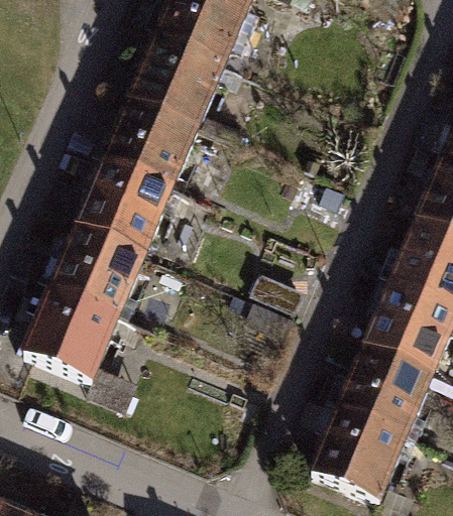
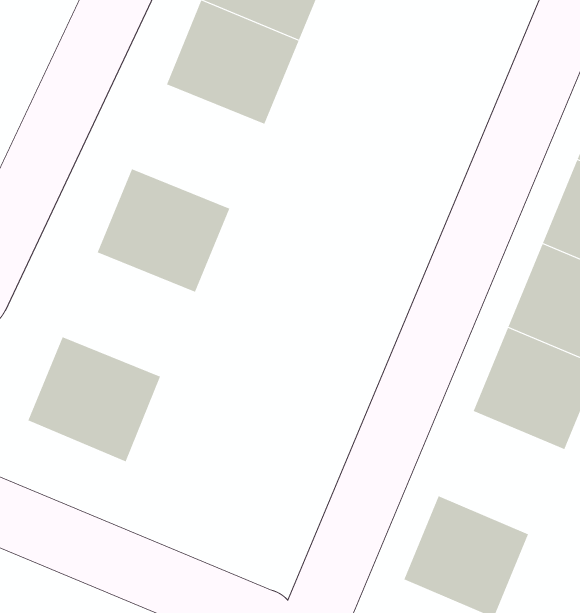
building: [106,93,207,186] -> none
building: [53,220,154,313] -> none
building: [338,340,434,432] -> none

